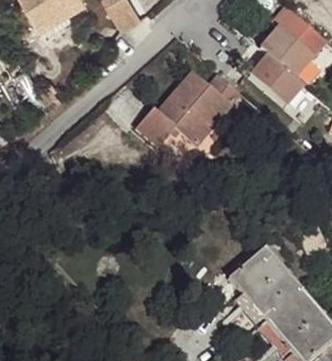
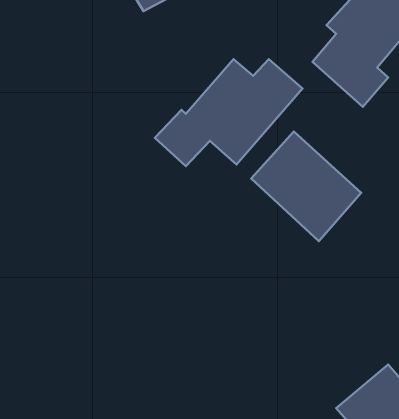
building: none -> [251,131,361,241]
building: [228,249,303,324] -> none

